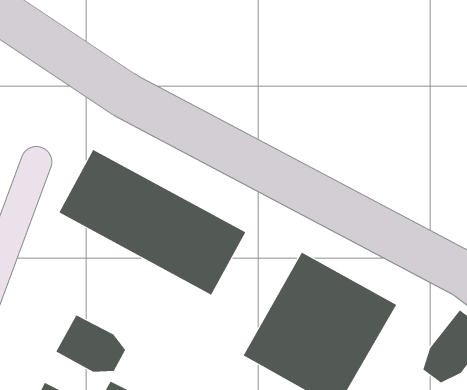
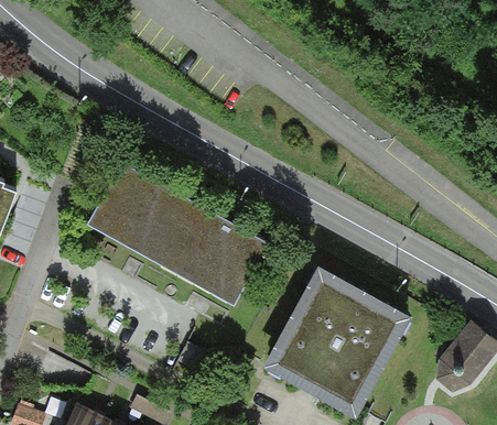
building: [55,314,126,372] -> none

